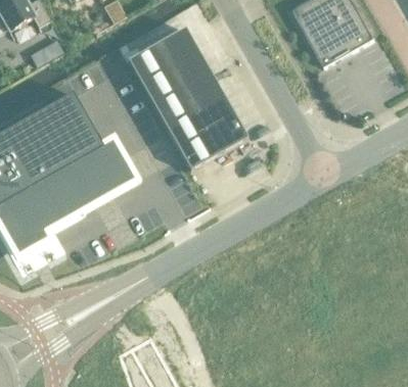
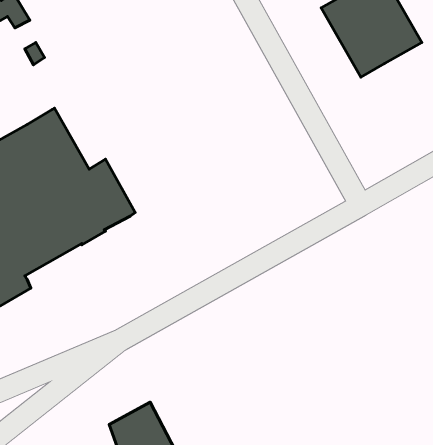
building: [127,28,246,170] -> none

